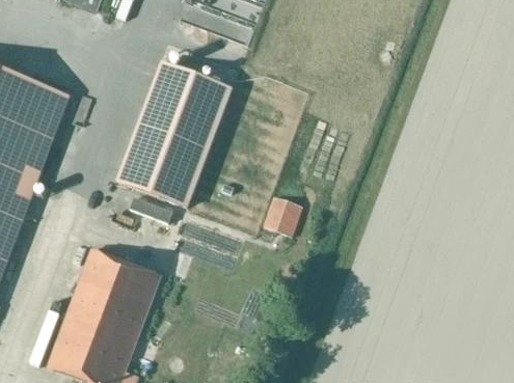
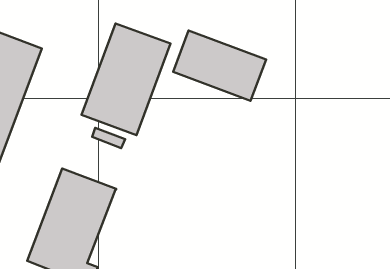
building: none -> [173,31,266,101]
building: [264,194,304,235] -> none

